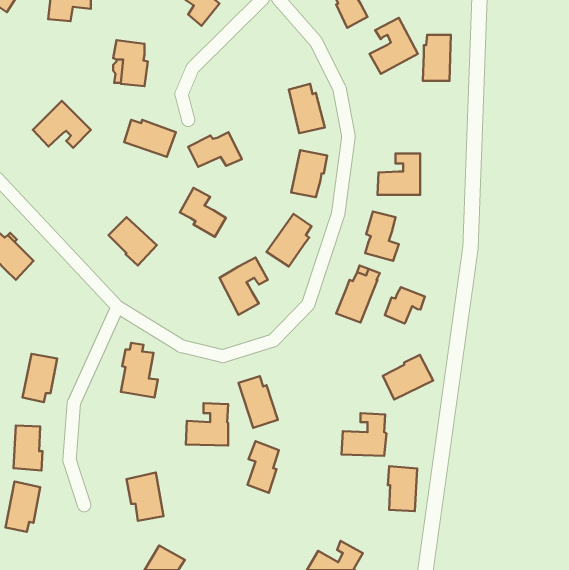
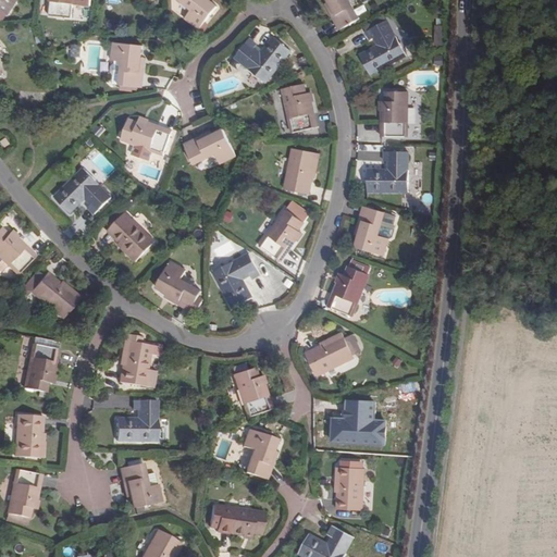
building: [423,35,451,81] -> [381,90,408,135]
building: none -> [233,35,288,81]
building: [33,101,91,148] -> [53,165,110,211]
building: [180,188,226,237] -> [156,260,200,308]
building: none -> [28,270,78,317]
building: [385,287,425,323] -> none
building: [383,355,433,399] -> [306,332,355,375]
building: [186,403,228,446] -> [115,400,157,442]
building: [388,466,417,511] -> [335,466,363,509]
building: none -> [208,504,262,536]

